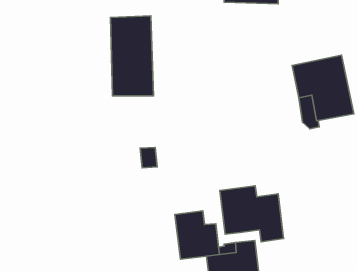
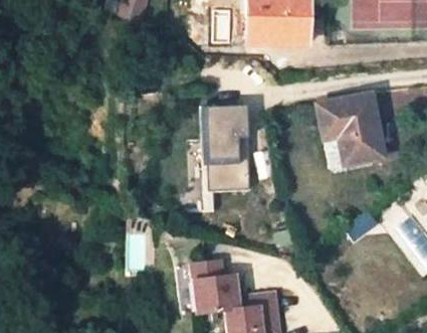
building: [111,16,154,96] -> [205,103,251,189]
building: [220,186,284,242] -> none

